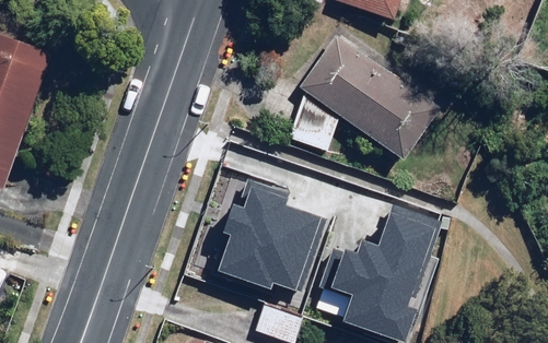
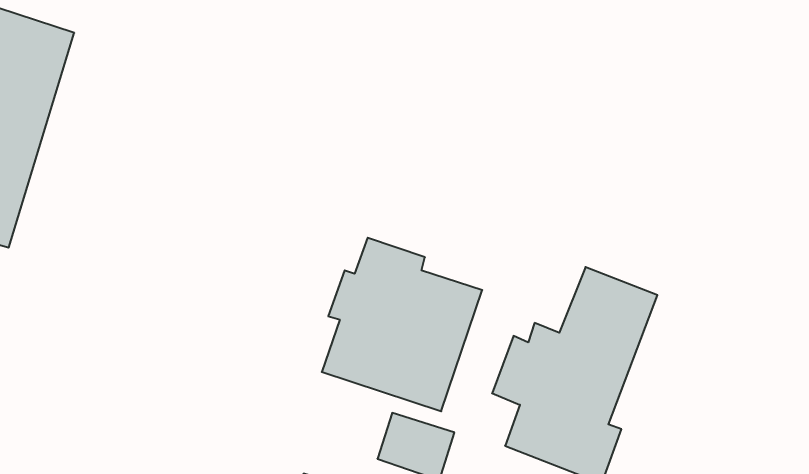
building: [290,31,442,157] -> none

